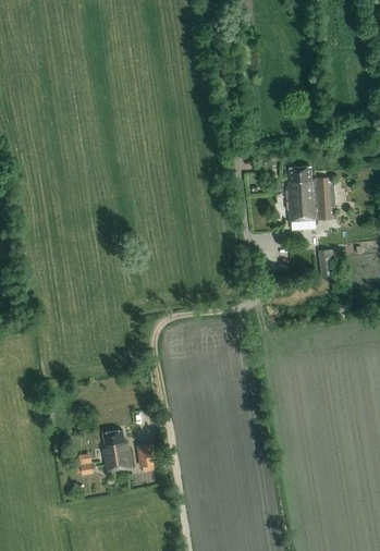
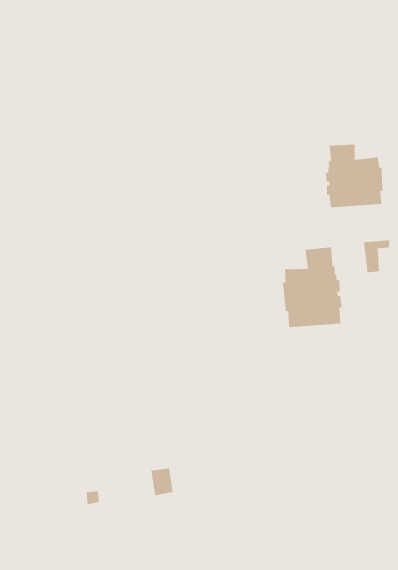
building: none -> [283,247,342,328]
building: [103,429,131,470] -> none

